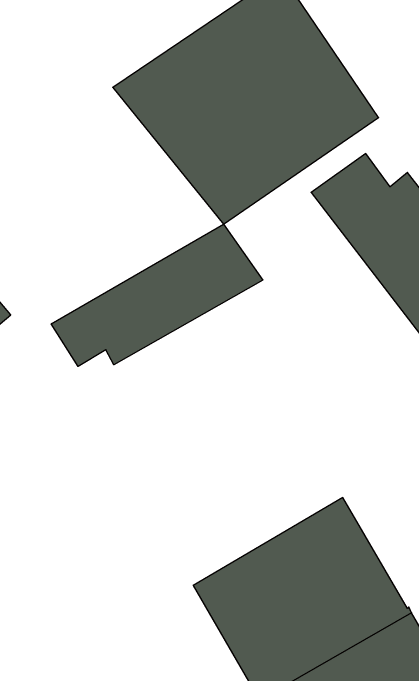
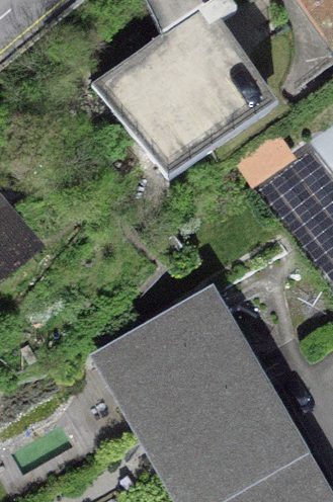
building: [51,224,263,366] -> none
building: none -> [103,290,254,431]

